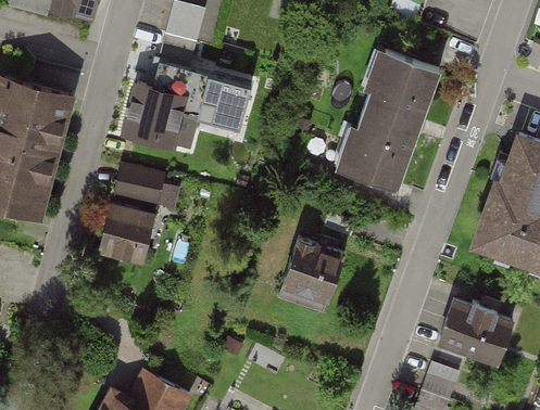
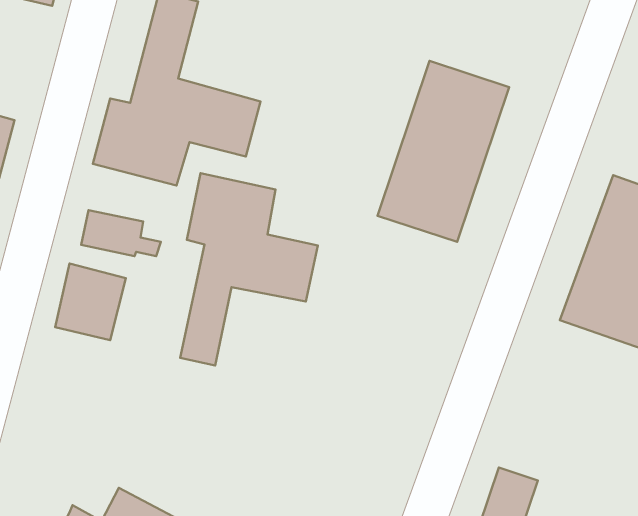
building: none -> [180,173,318,365]
building: [285,245,343,305] -> none
building: [439,305,503,362] -> none

